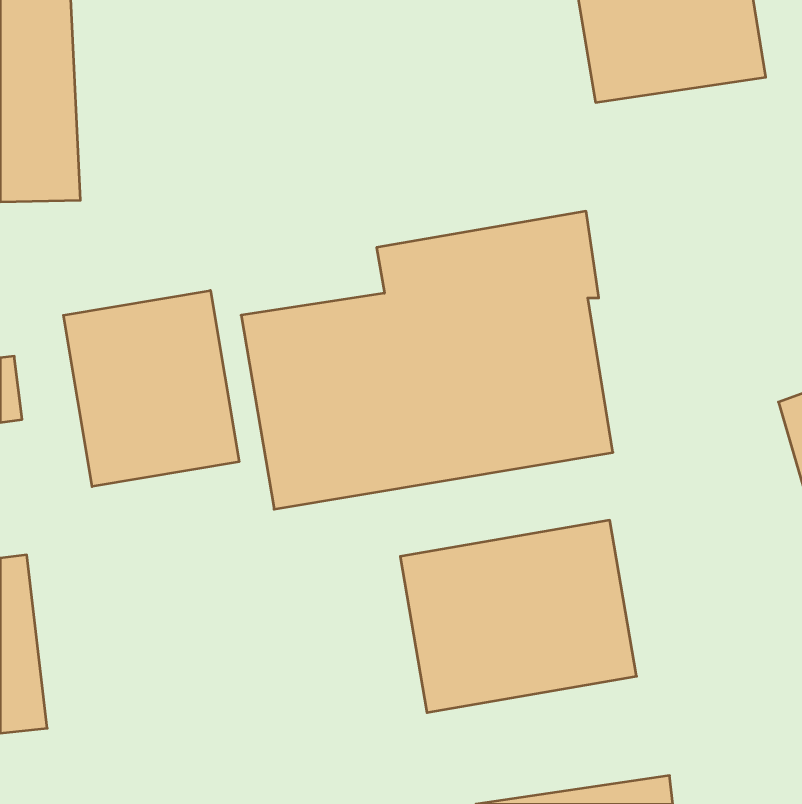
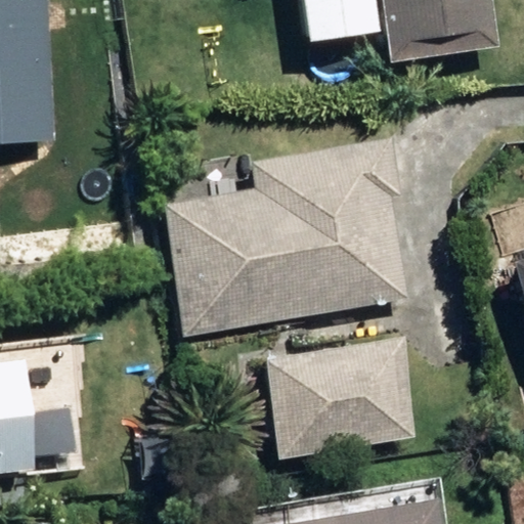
building: [63,290,239,487] -> none

